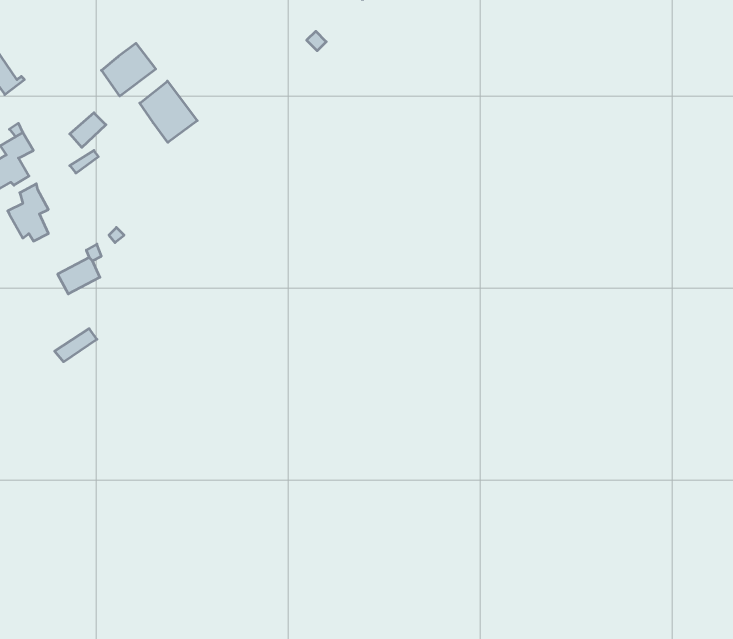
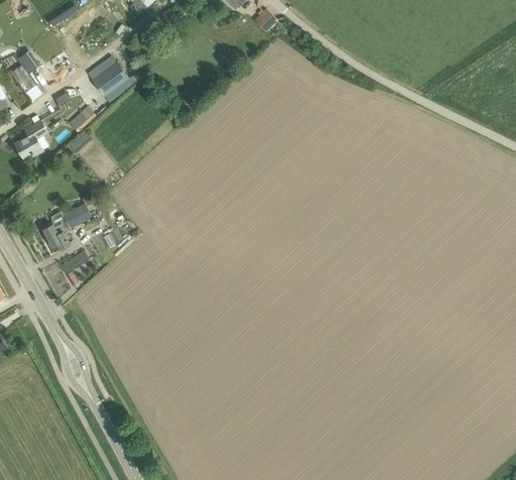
building: [140,81,197,142] -> none
building: [8,184,48,241] -> [42,211,70,249]

